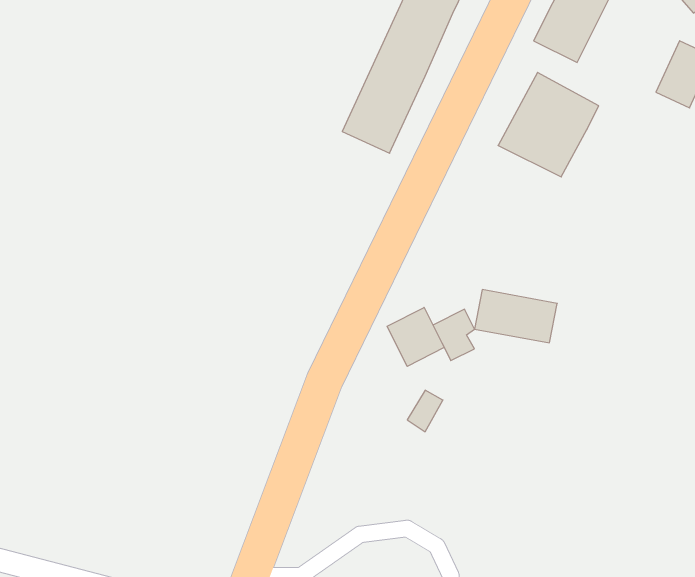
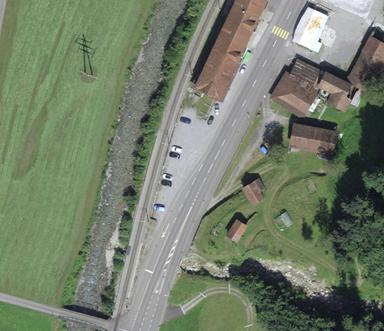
building: none -> [319,75,351,109]
building: [474,290,557,343] -> [290,123,332,150]
building: [387,307,444,366] -> none

